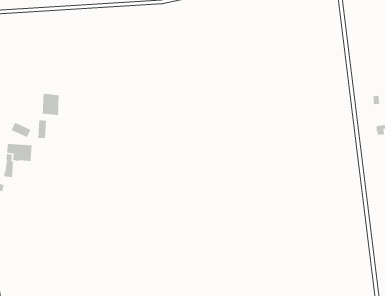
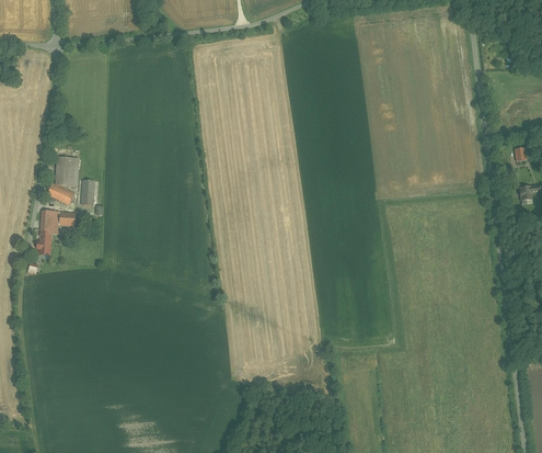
building: [42,93,60,116] -> [55,156,78,185]

